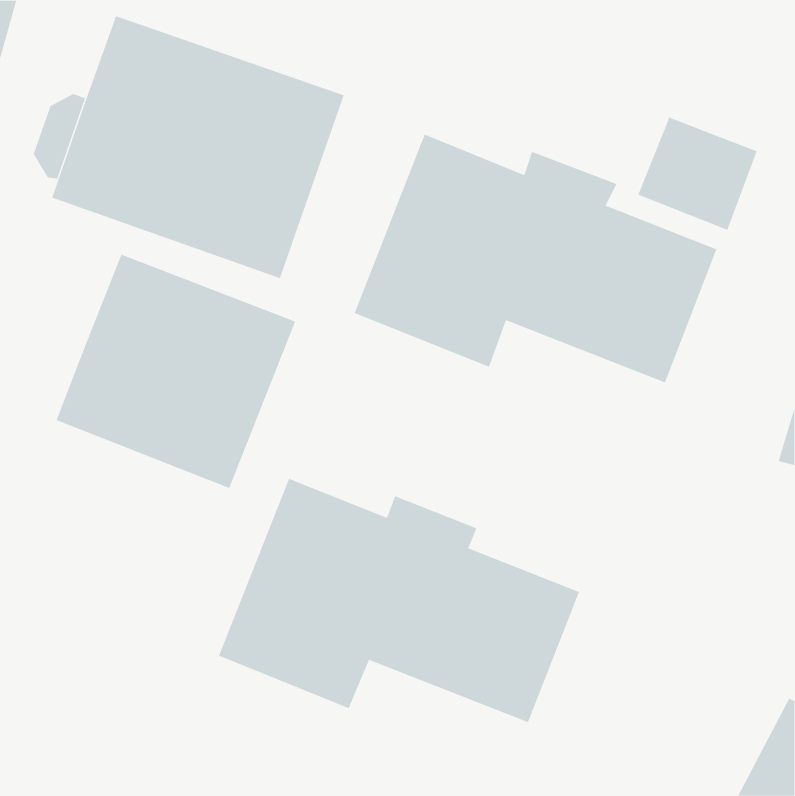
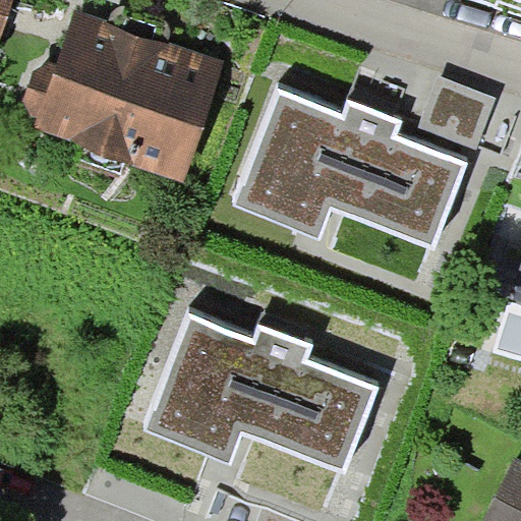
building: [56,254,296,489] -> none

